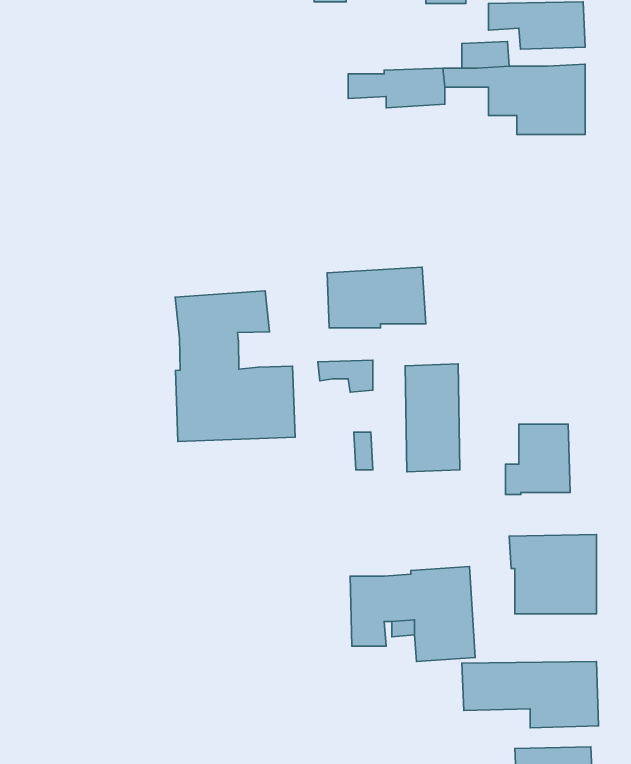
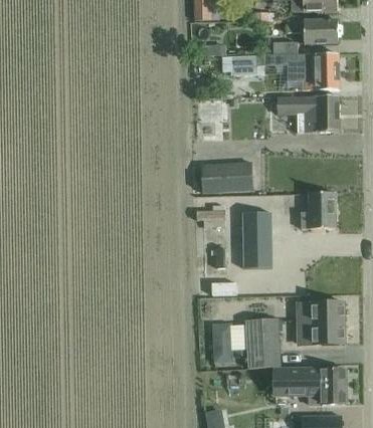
building: none -> [277,95,339,132]
building: [175,291,295,441] -> none
building: [506,424,570,494] -> [301,192,335,229]

